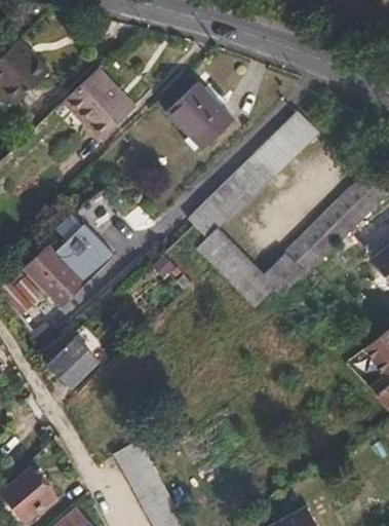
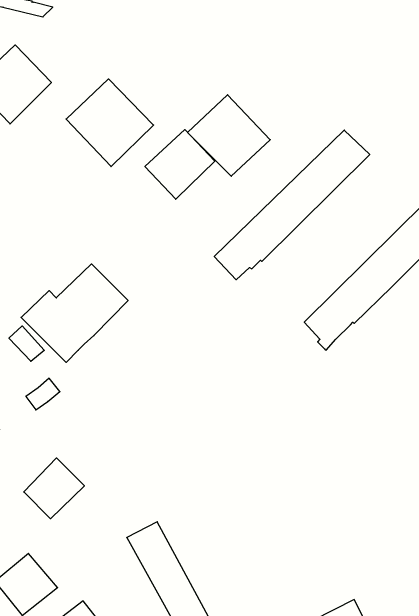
building: none -> [145,130,215,199]
building: [195,227,276,308] -> none
building: [47,337,99,388] -> [24,458,84,519]

